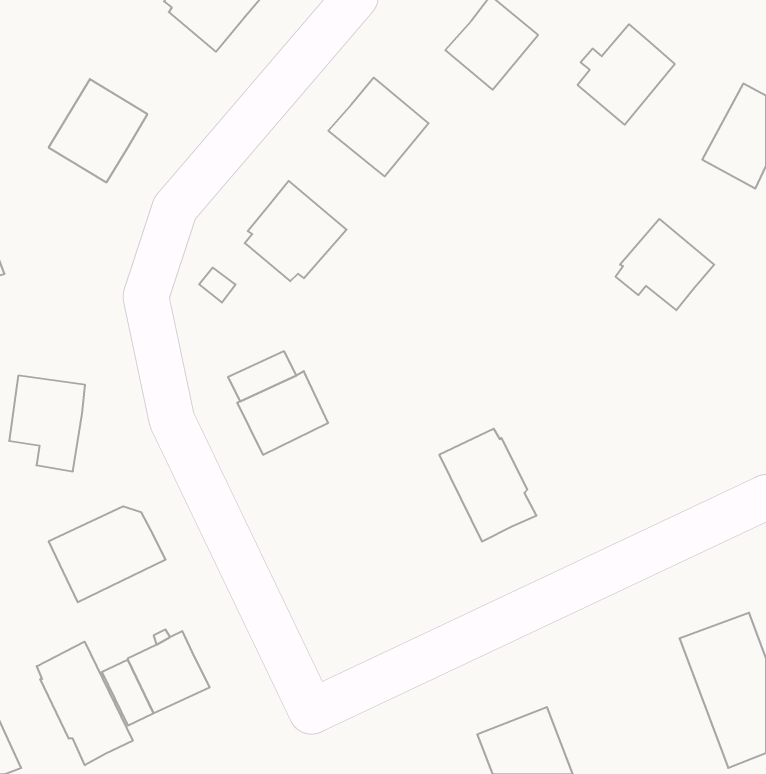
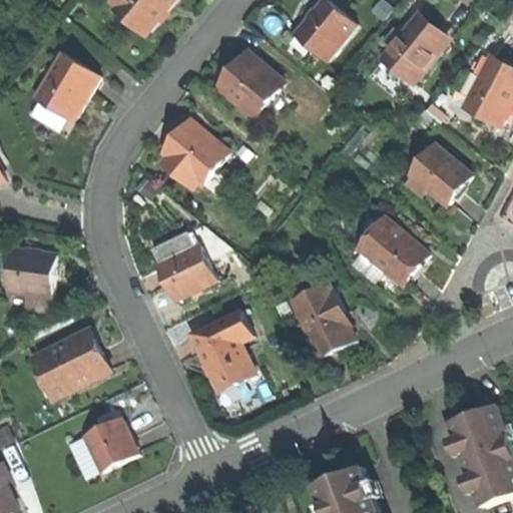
building: none -> [359,217,428,285]
building: none -> [189,310,254,393]
building: [37,642,133,765] -> none

